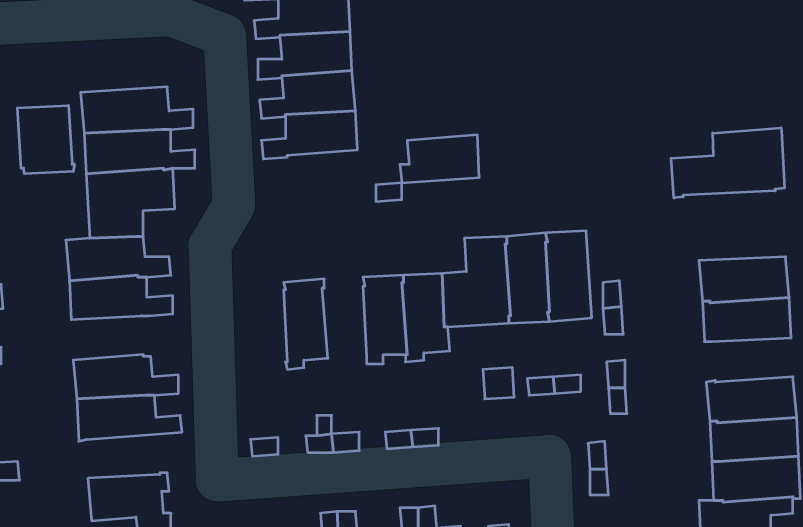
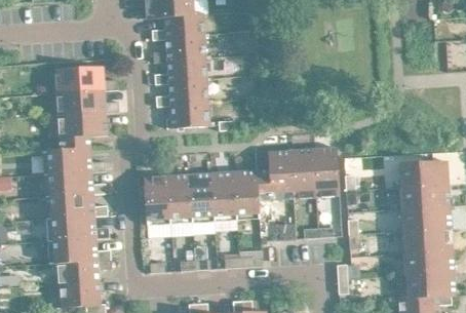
building: [17,105,74,174] -> none
building: [671,128,784,198] -> none
building: [400,135,479,183] -> [164,102,208,128]
building: none -> [188,172,212,223]
building: none -> [143,175,168,225]
building: none -> [48,194,107,219]
building: none -> [400,206,450,231]
building: none -> [56,259,110,284]

